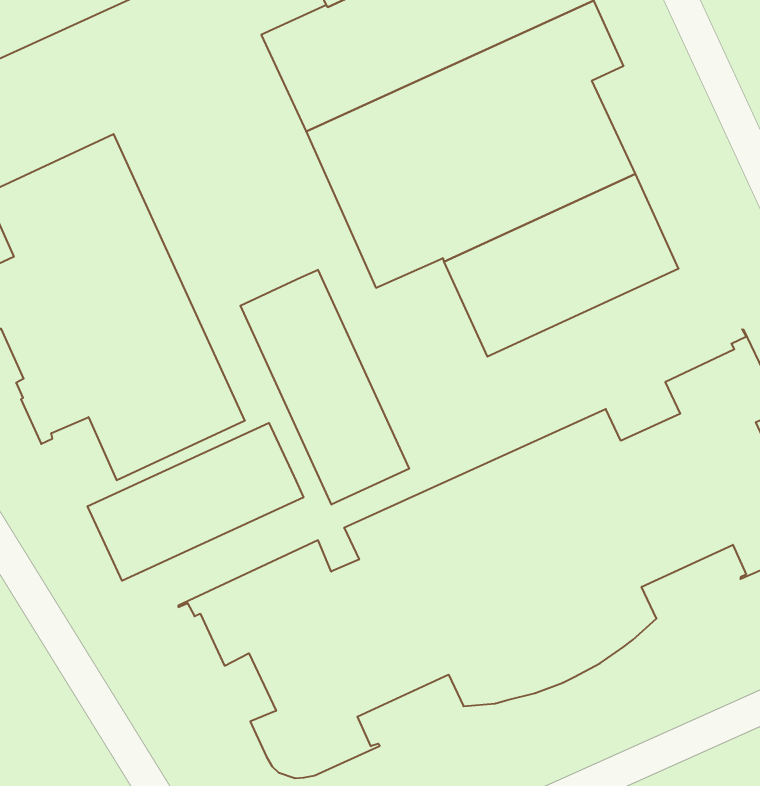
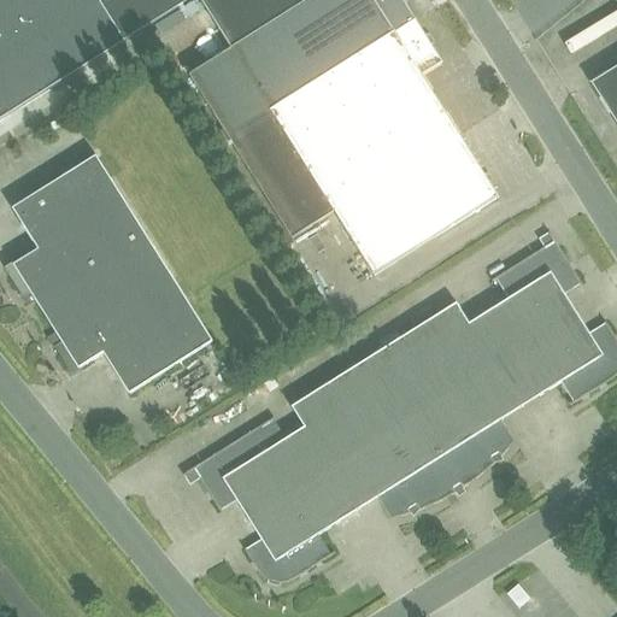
building: [240,270,409,505] -> none
building: [88,423,303,581] -> none

